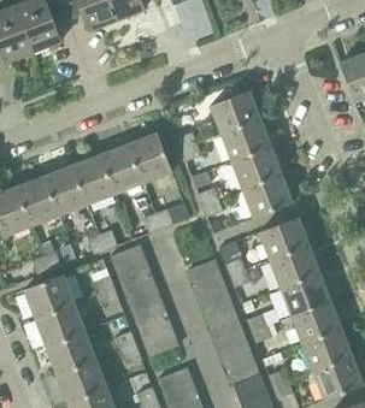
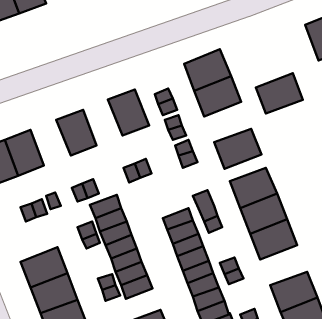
building: [101,143,143,193] -> none
building: [231,146,282,189] -> [256,73,303,113]
building: [45,165,88,214] -> none
building: [23,274,73,318] -> none
building: [292,300,342,343] -> none

